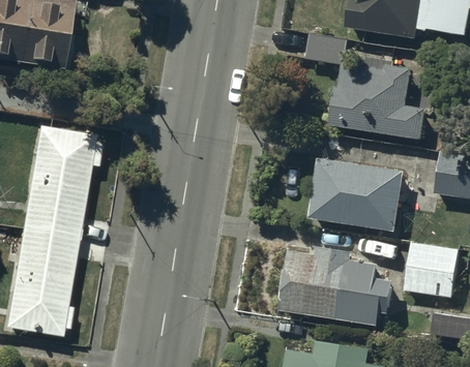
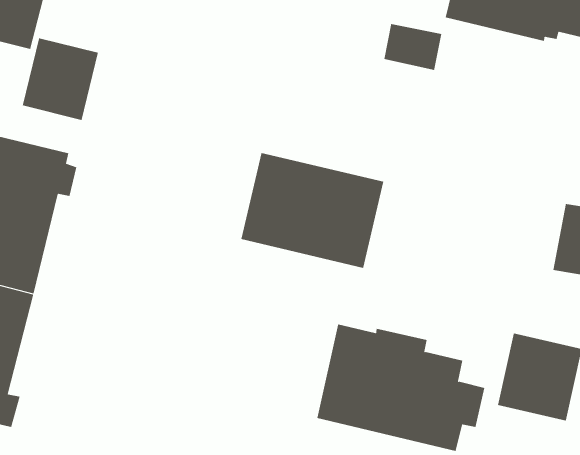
building: none -> [22,37,98,121]
building: [328,63,425,139] -> none
building: [309,156,405,231] -> [240,152,384,268]

